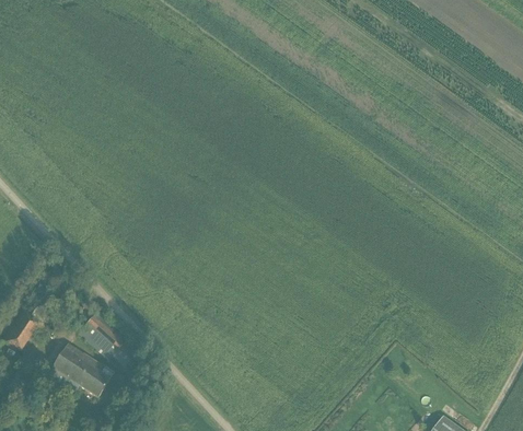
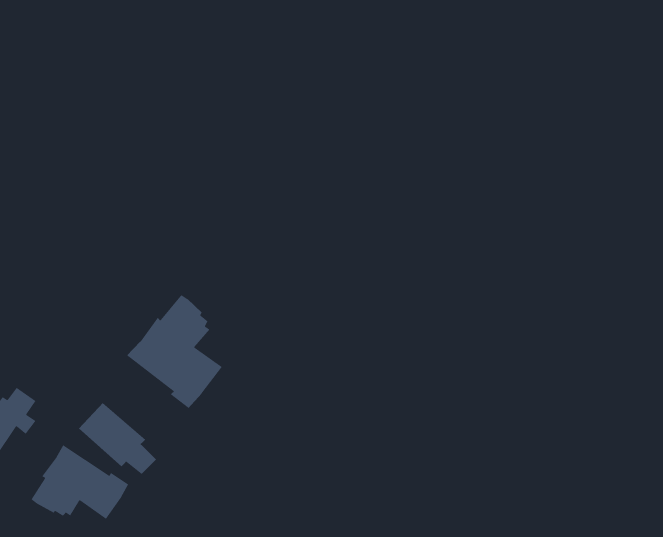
building: none -> [126,294,223,409]

